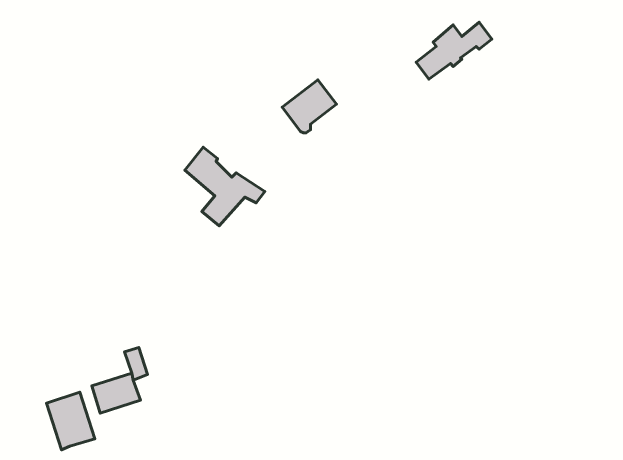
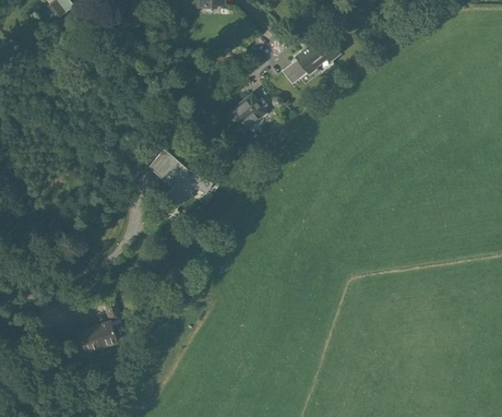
building: [416,22,492,79] -> [282,40,339,84]
building: [46,392,95,450] -> none

